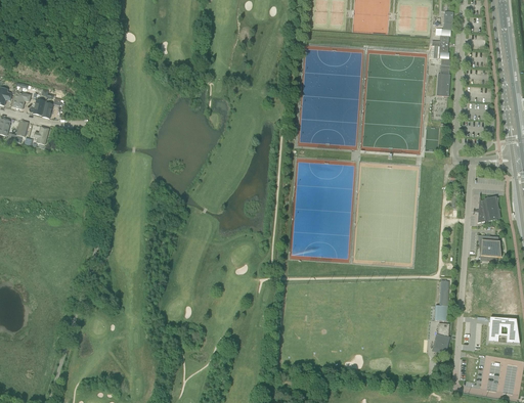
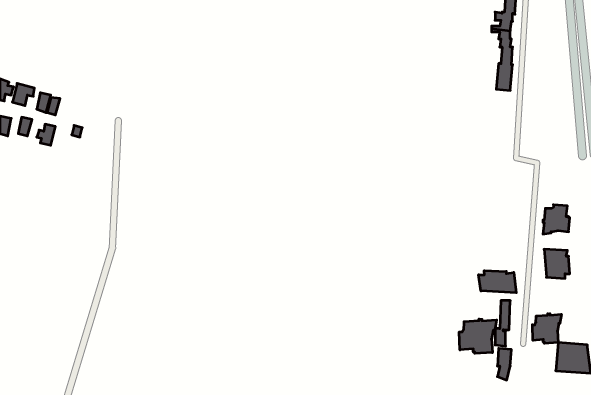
building: none -> [479,271,516,293]
building: none -> [532,314,561,343]
building: none -> [459,319,497,353]

